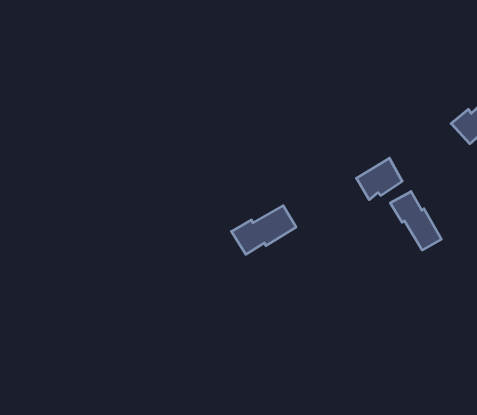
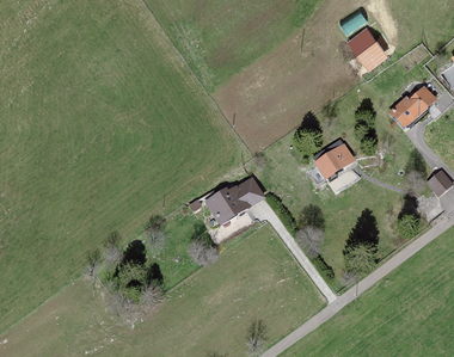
building: none -> [350,27,387,62]
building: [390,191,441,250] -> none

